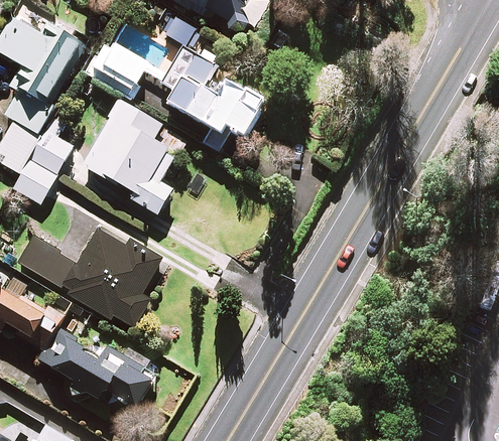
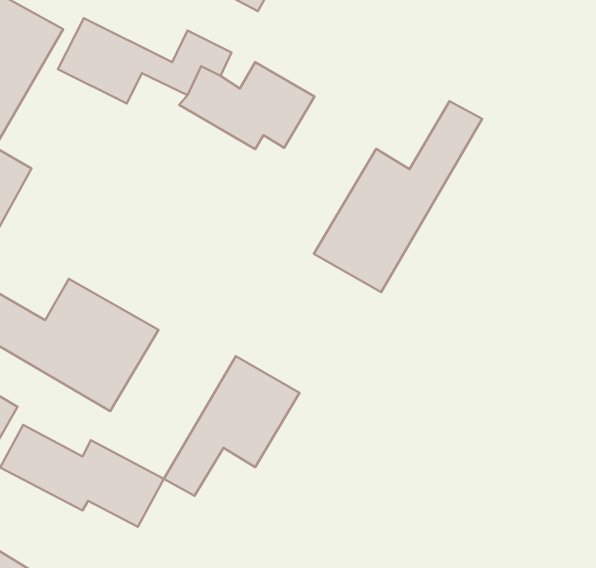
building: none -> [314,101,482,292]
building: [84,107,173,208] -> none
building: none -> [164,356,300,496]

